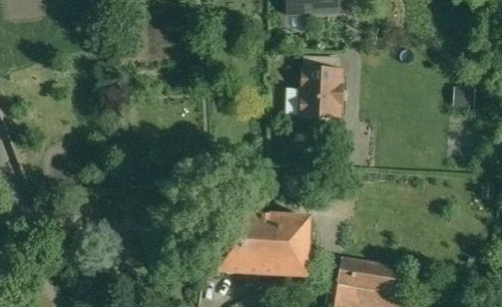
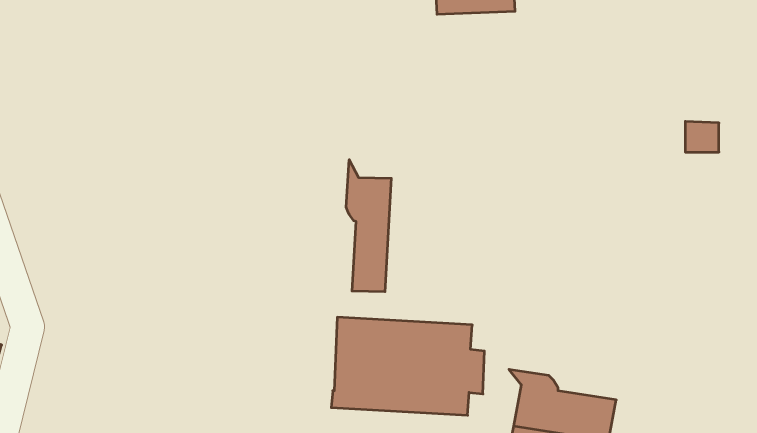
building: [301,69,342,117] -> none
building: none -> [346,160,391,292]

